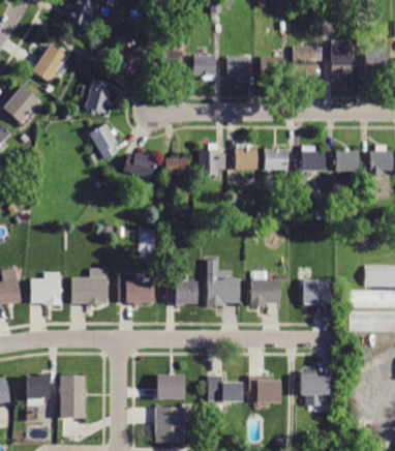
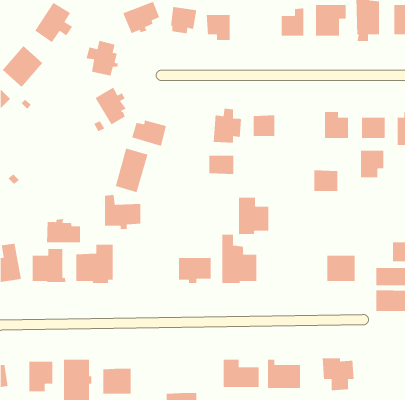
building: [226,50,256,80] -> none
building: [265,148,287,169] -> [314,169,338,192]
building: [165,157,189,176] -> [208,155,234,175]
building: none -> [115,147,149,193]
building: none -> [360,150,384,178]
building: none -> [46,218,81,243]
building: [251,270,280,305] -> [238,197,269,235]
building: [120,272,154,305] -> [104,194,141,230]
building: [157,373,184,398] -> [103,368,132,395]

